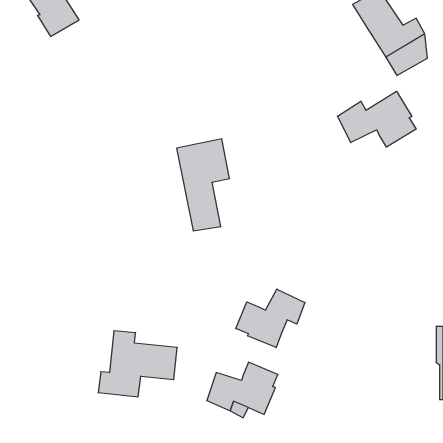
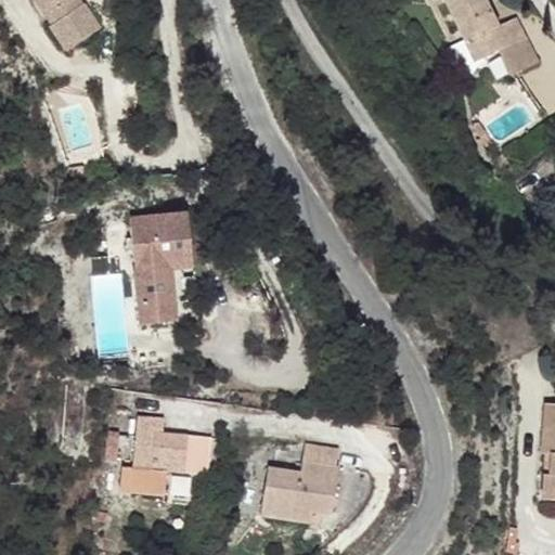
building: [337,91,416,147] -> none
building: [177,139,230,231] -> [125,209,191,324]
building: [236,289,305,348] -> none

